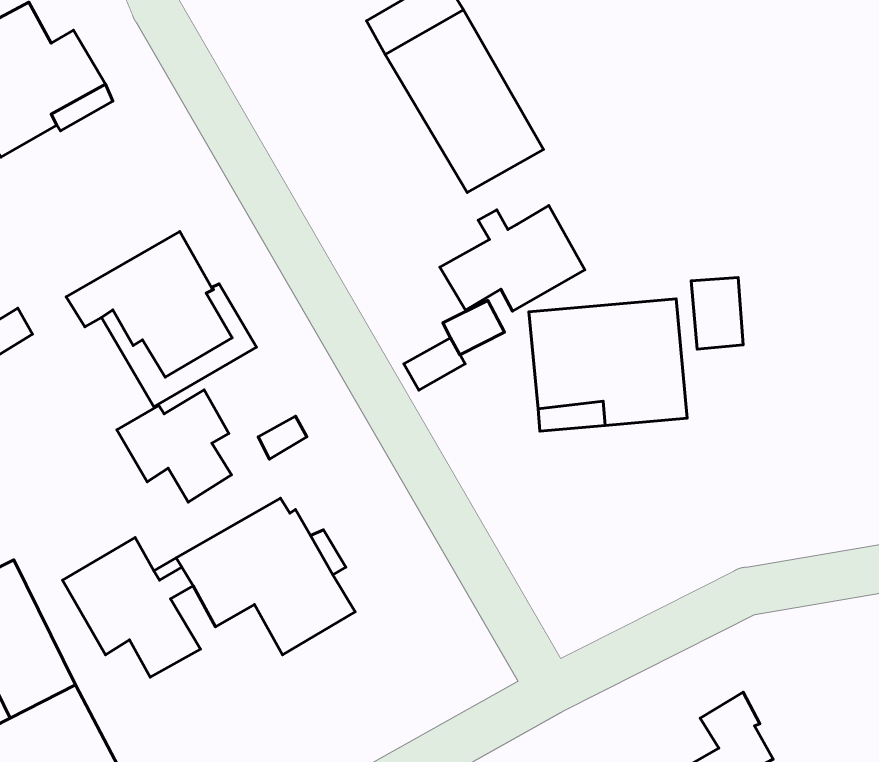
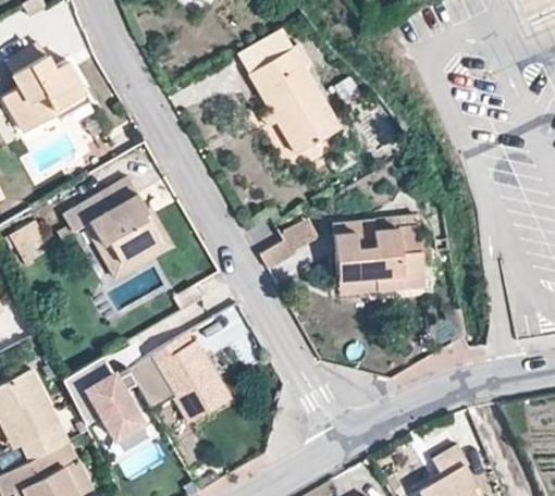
building: [440,206,585,311] -> none
building: [691,277,743,349] -> none
building: [117,390,231,502] -> none

